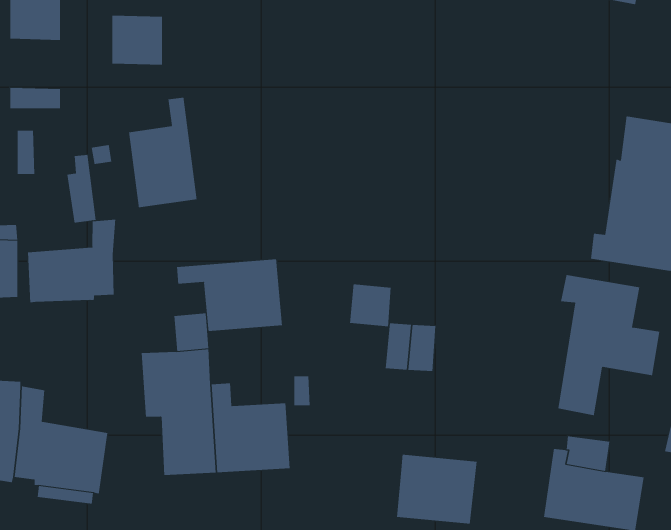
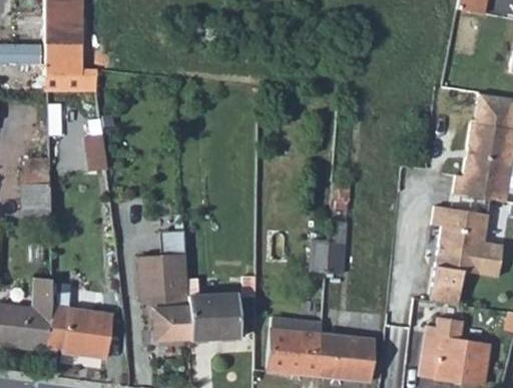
building: [111,15,163,65] -> [45,39,81,74]
building: [128,97,197,208] -> none
building: [28,219,116,303] -> none
building: [176,258,282,332] -> none
building: [350,284,391,327] -> none
building: none -> [267,326,321,375]

